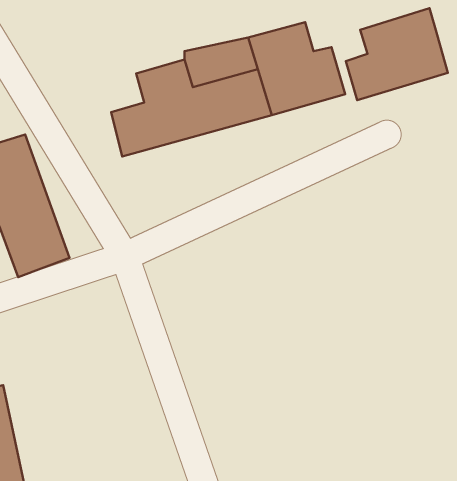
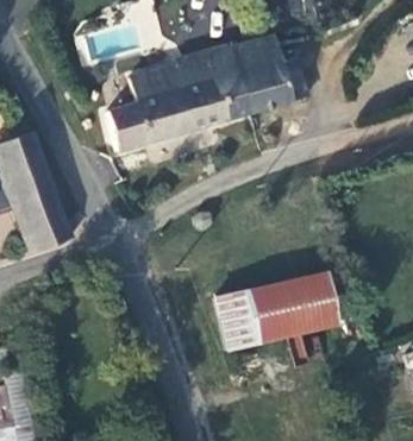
building: [346,8,448,100] -> none
building: none -> [215,273,339,348]

